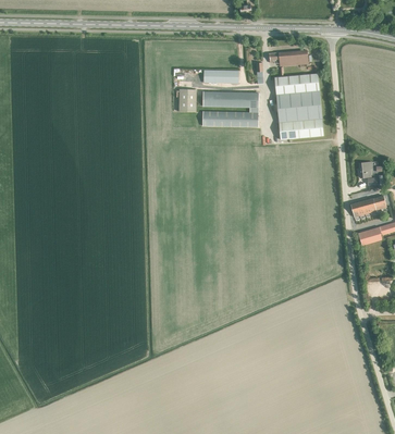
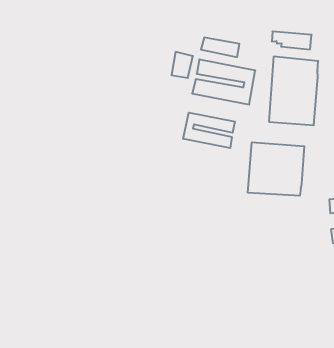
building: none -> [183,113,235,148]
building: none -> [248,142,304,196]

